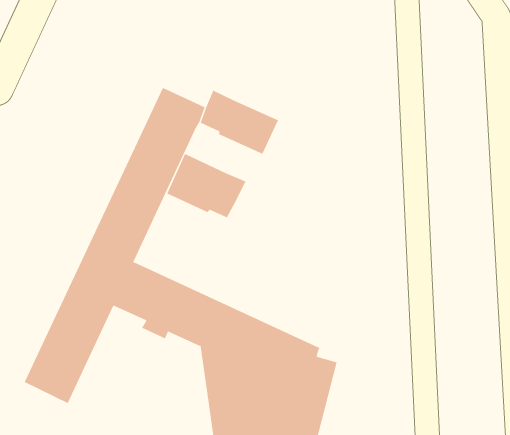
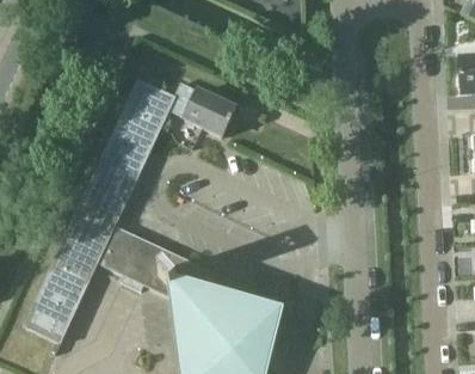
building: [166,153,246,218] -> none

